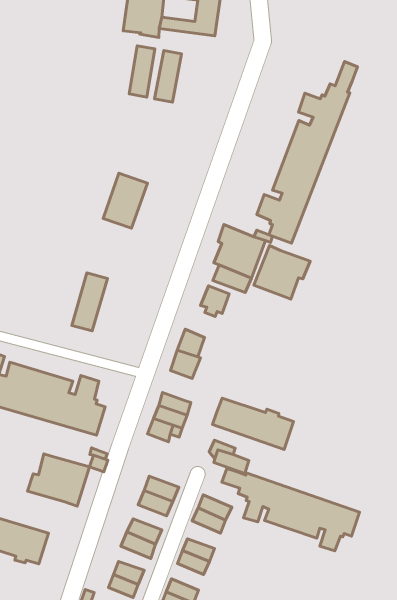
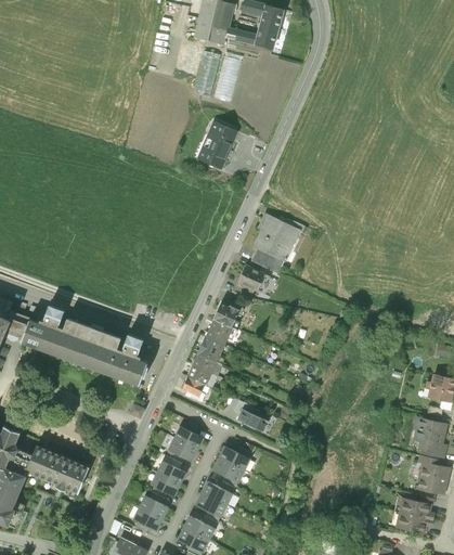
building: [257,62,357,243] -> none
building: [103,173,147,228] -> [197,121,238,170]
building: [254,246,310,299] -> none
building: [72,273,107,331] -> none
building: none -> [198,336,225,363]
building: [213,398,294,450] -> none
building: [27,454,90,506] -> none
building: [222,468,360,551] -> none

